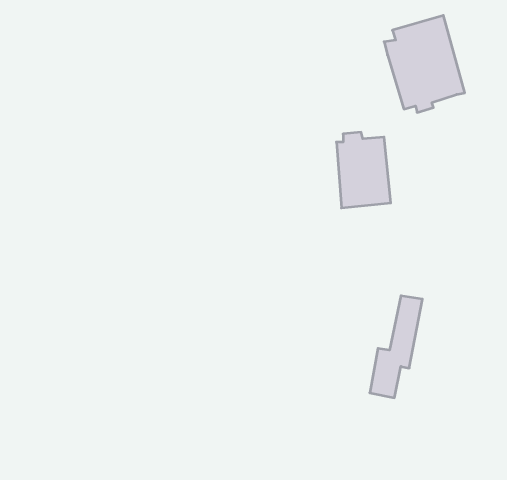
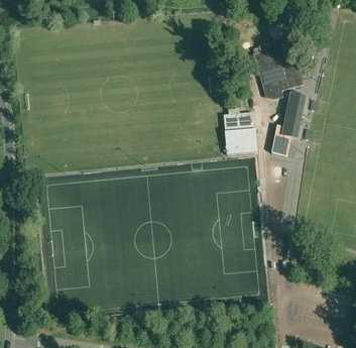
building: [370,296,422,398] -> [271,95,304,157]

